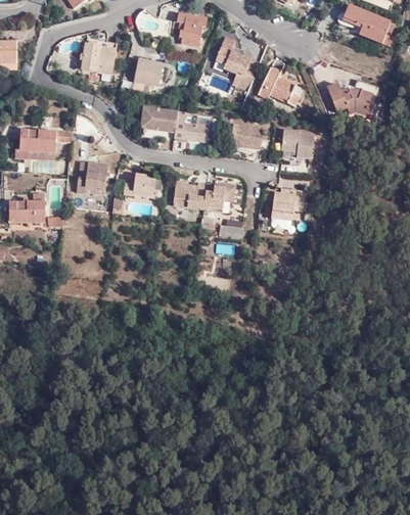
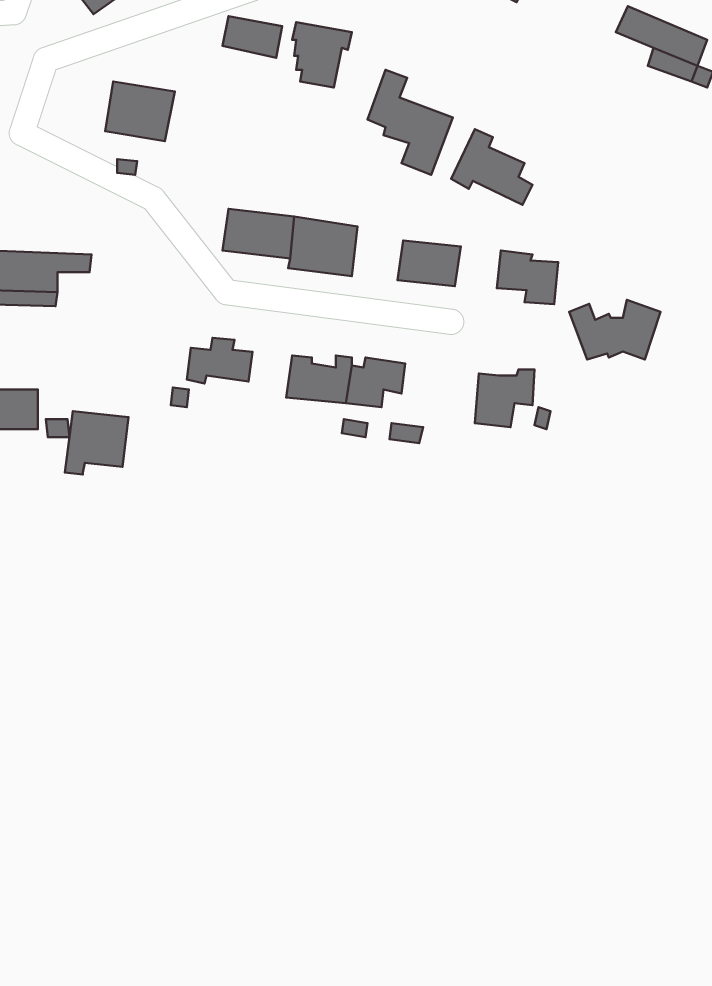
building: [132,59,163,94] -> none
building: [327,81,374,111] -> [569,300,661,359]
building: [76,161,108,194] -> [65,411,129,475]

